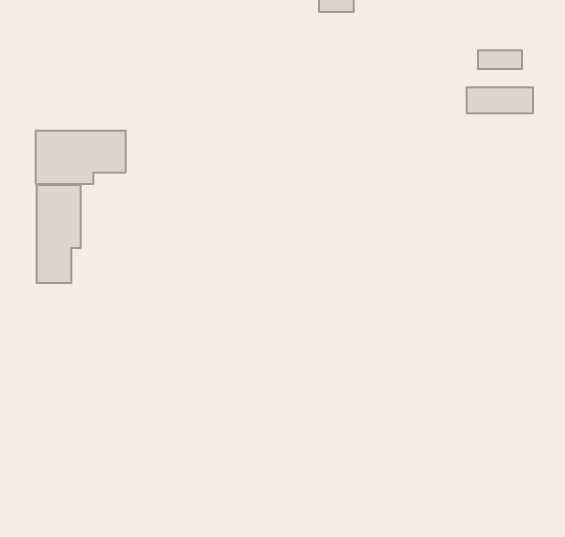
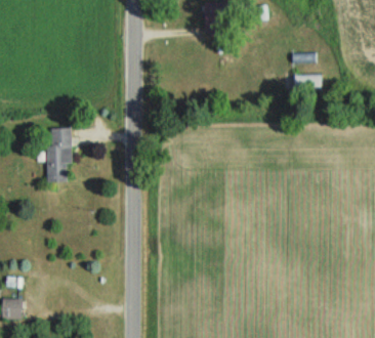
building: [36,130,125,184] -> none

